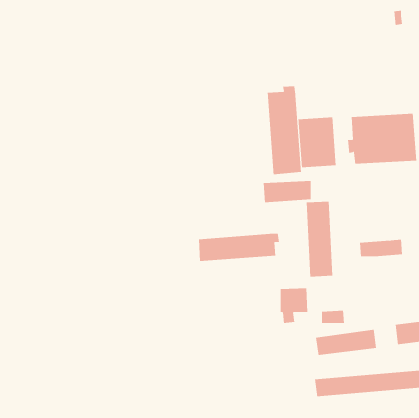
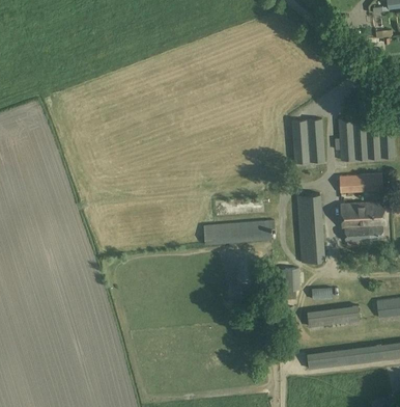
building: [267,86,301,175] -> none
building: [263,180,311,203] -> [340,174,382,194]
building: none -> [342,202,384,229]

